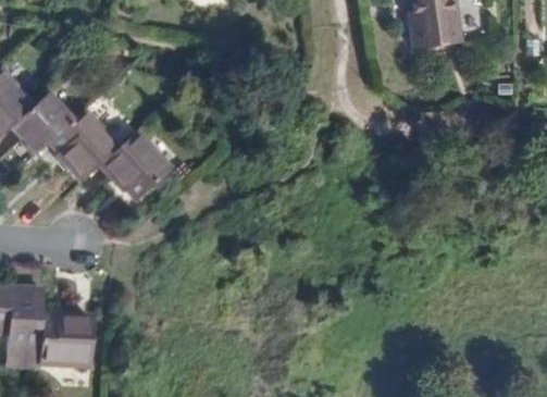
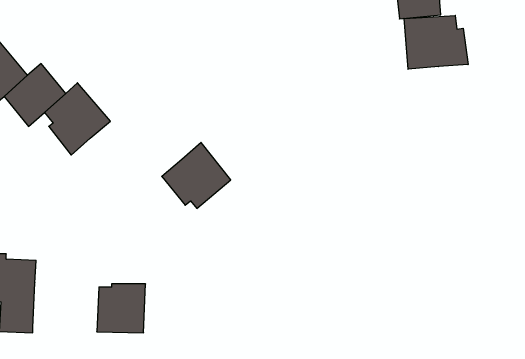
building: none -> [404,15,468,69]
building: [100,134,171,201] -> [162,142,231,208]
building: [41,313,91,363] -> [97,284,146,333]

